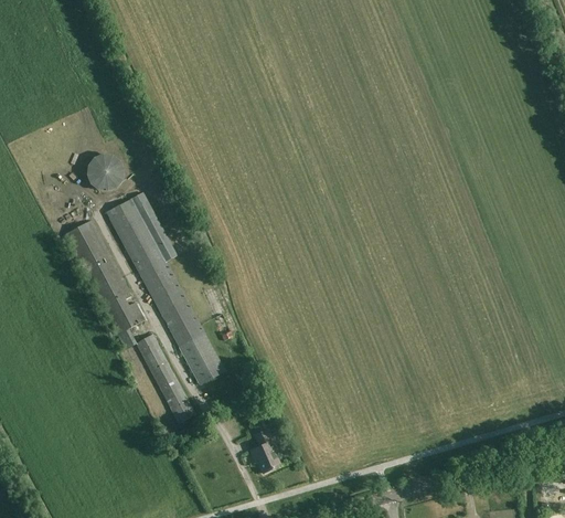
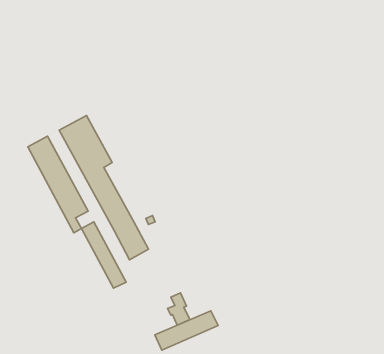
building: [86,154,125,192] -> none
building: none -> [155,311,218,350]

